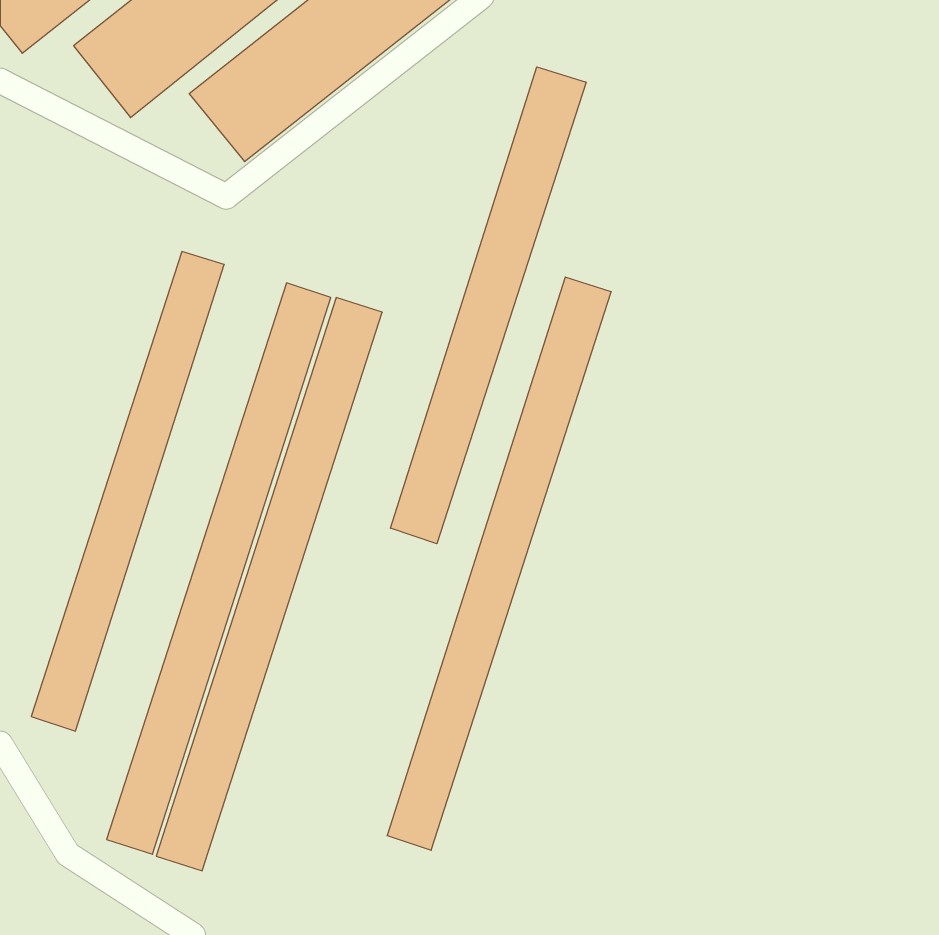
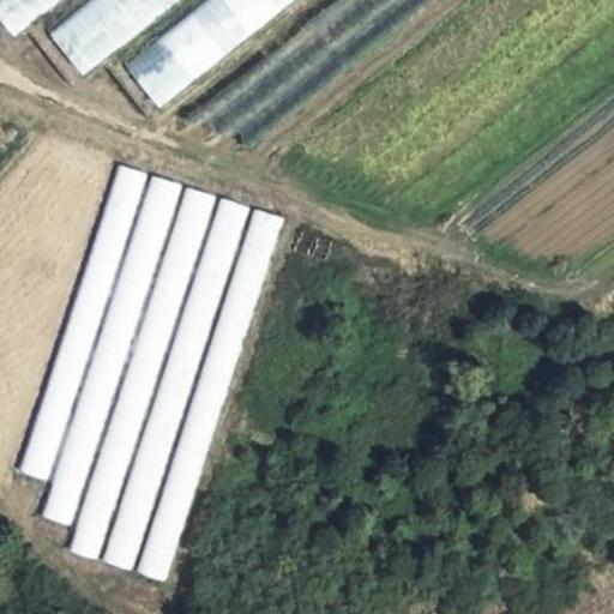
building: [390,67,586,544] -> none
building: none -> [41,174,182,523]
building: [387,277,611,850] -> [137,205,283,579]

